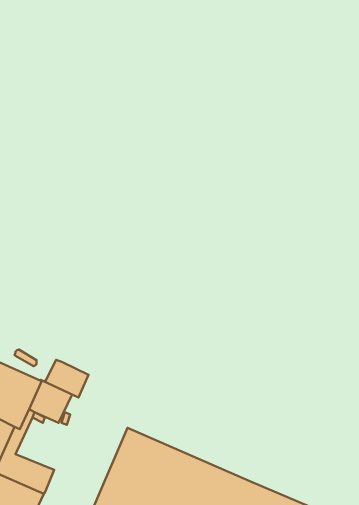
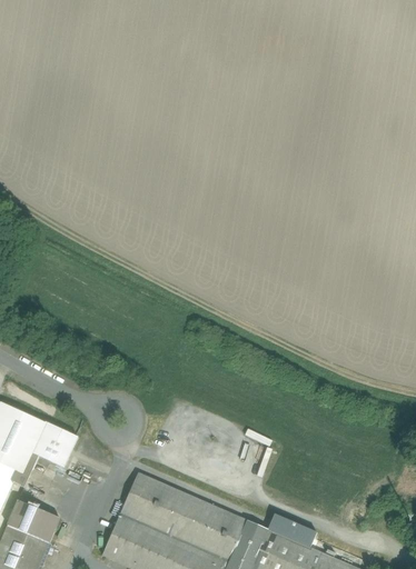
building: [44,360,88,397] -> none
building: none -> [268,515,317,548]

